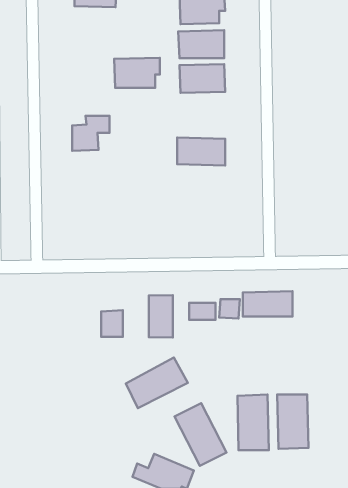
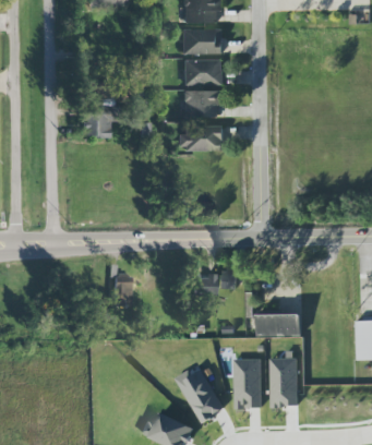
building: [114,58,160,88] -> [182,89,224,117]
building: [243,291,292,317] -> [257,313,302,336]
building: [149,295,173,338] -> none
building: [126,358,188,408] -> none

